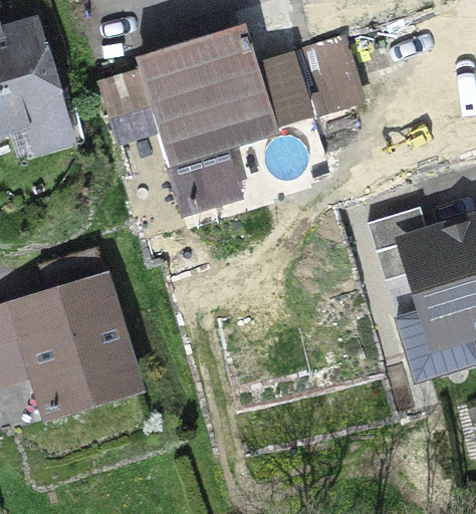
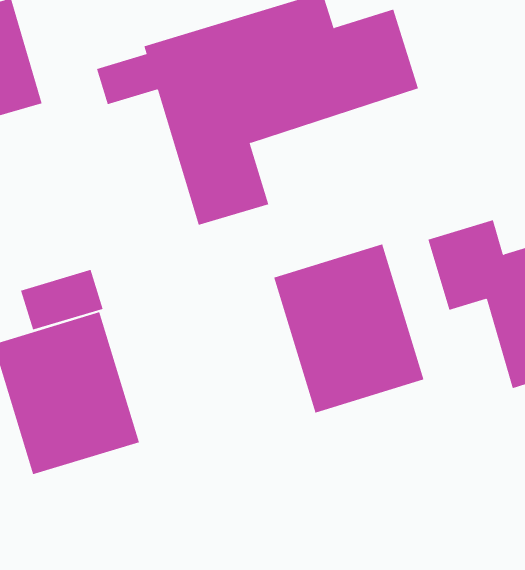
building: none -> [274,244,424,413]

